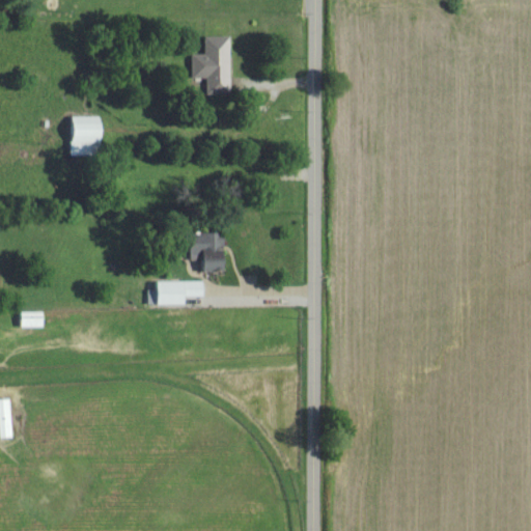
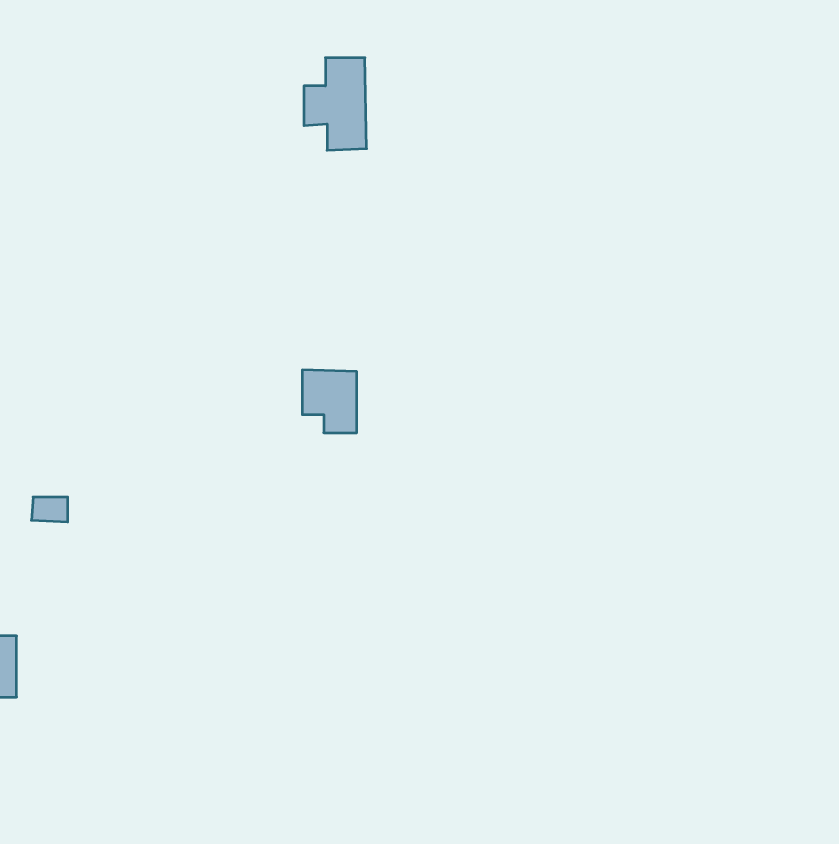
building: [69,115,102,156] -> none
building: [147,281,203,305] -> none

